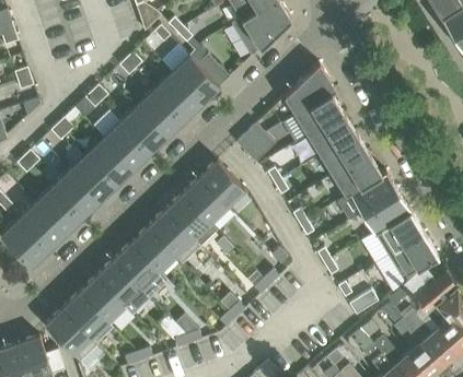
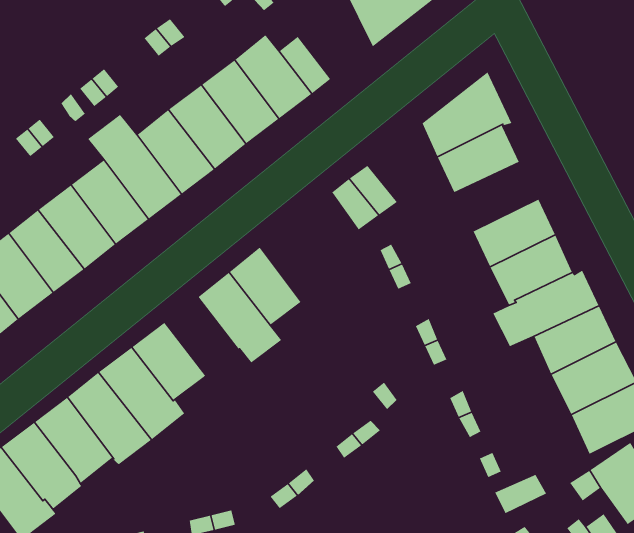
building: [308,114,357,156] -> none
building: [199,162,245,208] -> none
building: [149,211,201,264] -> none

